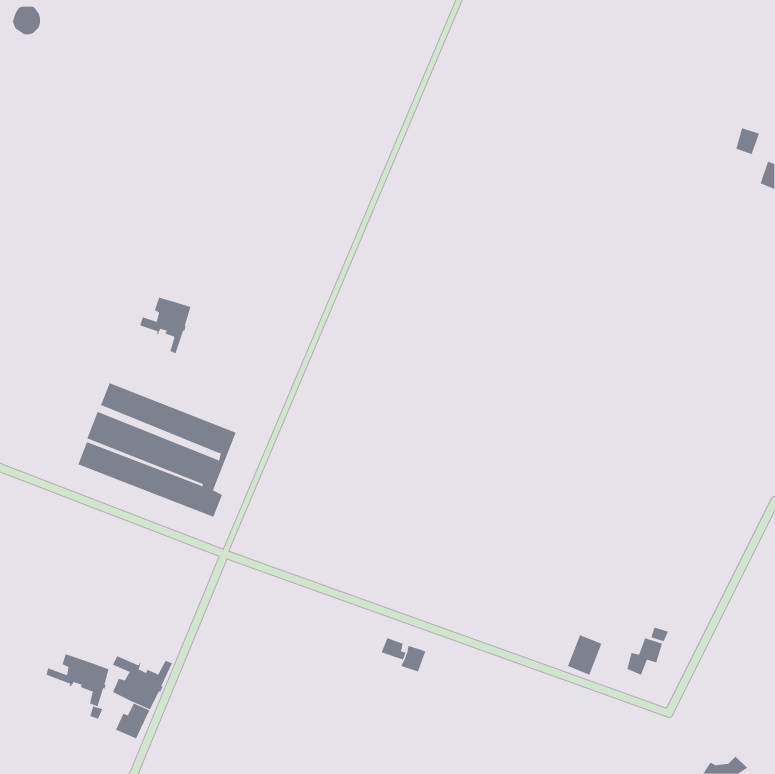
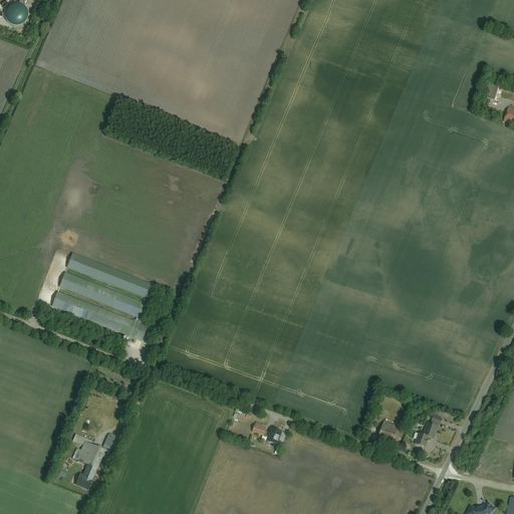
building: [140,297,191,354] -> none
building: [46,654,109,707] -> none

